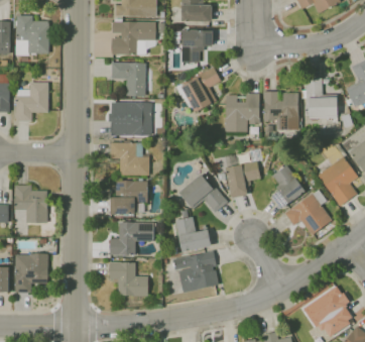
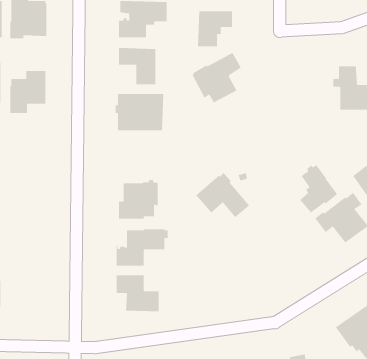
building: [264,92,298,130] -> none
building: [225,94,259,136] -> none
building: [110,141,150,176] -> none
building: [225,153,261,199] -> none
building: [15,186,48,223] -> none
building: [175,211,212,252] -> none
building: [172,251,219,293] -> none
building: [15,253,48,293] -> none

